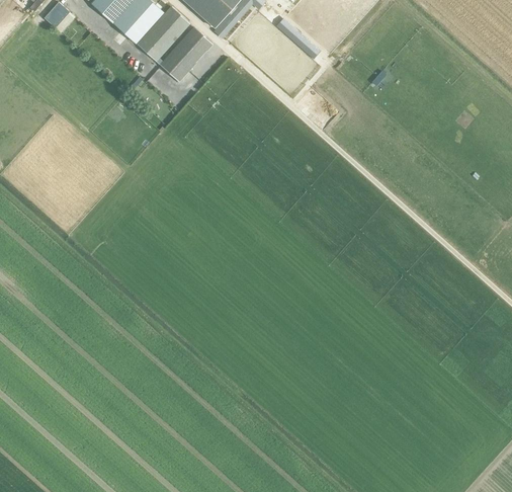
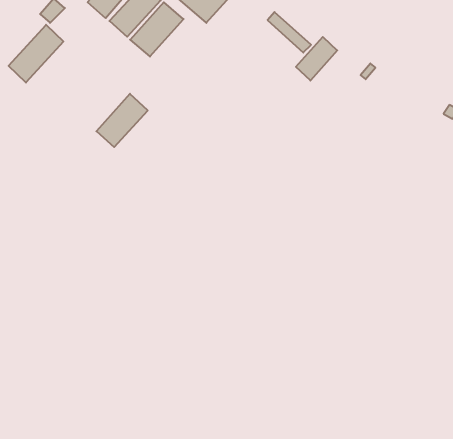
building: [160,26,212,81] -> [96,94,148,147]
building: none -> [9,25,63,83]
building: none -> [296,37,337,81]

